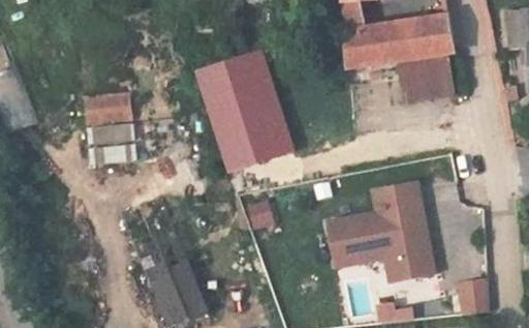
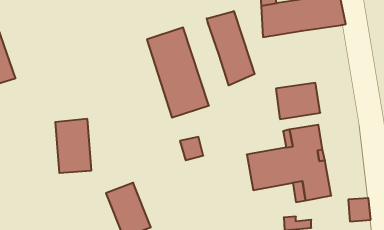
building: none -> [207,11,255,85]
building: [398,55,455,101] -> [276,83,320,119]
building: [84,92,130,161] -> [55,119,91,173]

